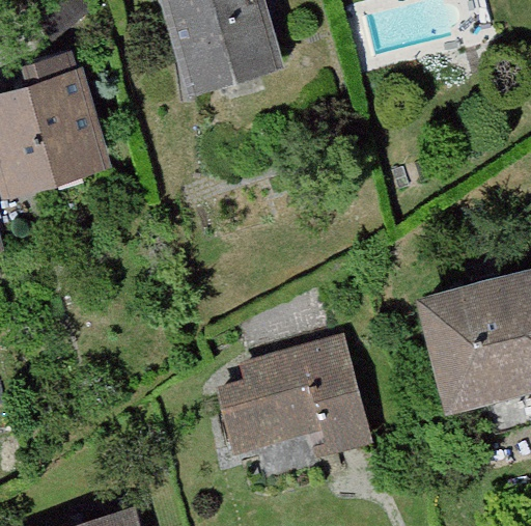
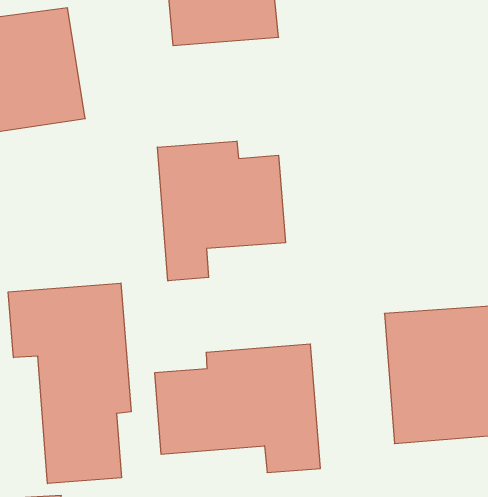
building: none -> [157,141,285,281]
building: none -> [8,283,131,484]

